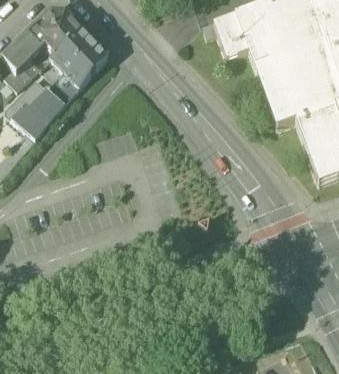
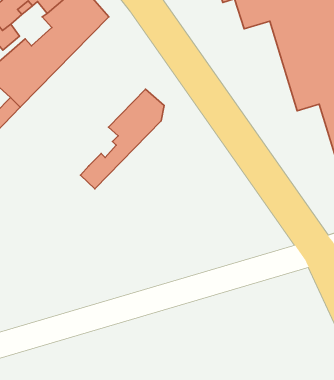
building: none -> [81,89,164,189]

